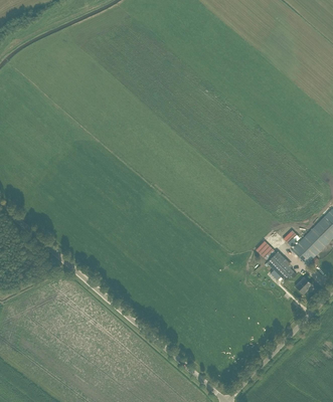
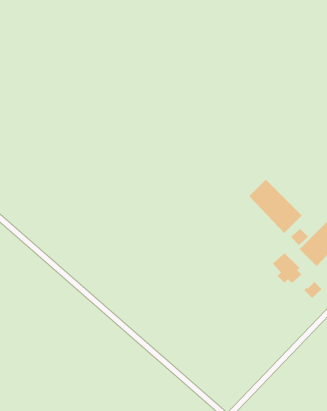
building: none -> [249,179,303,234]

